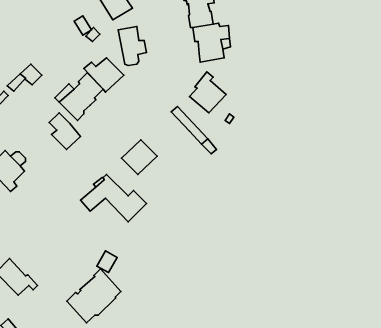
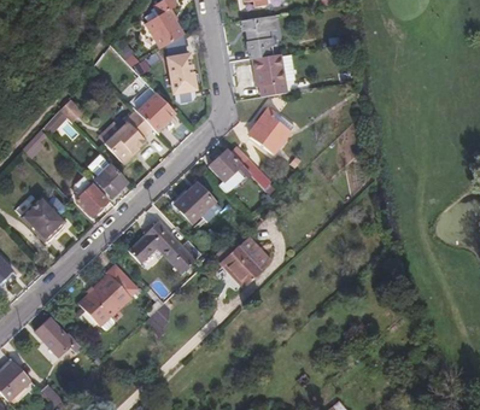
building: none -> [210,150,250,193]
building: none -> [75,172,107,213]
building: none -> [219,244,262,287]
building: [67,269,121,323] -> [77,265,137,326]

